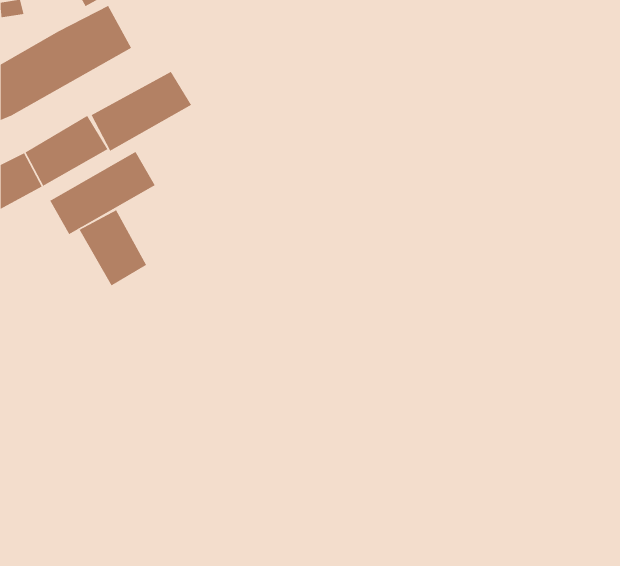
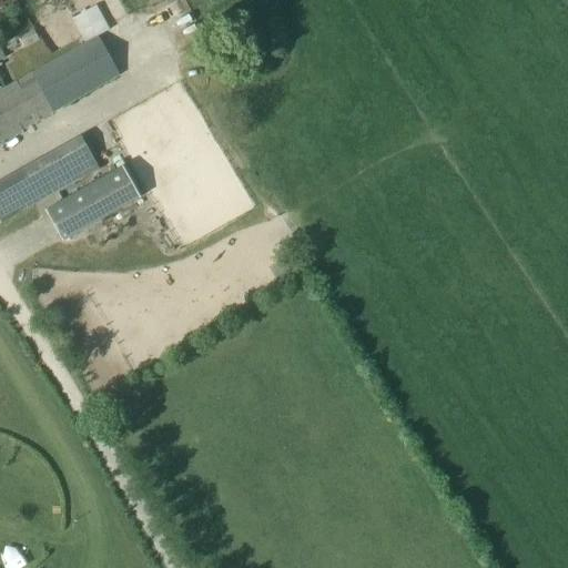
building: [91,71,192,152] -> none
building: [78,209,147,287] -> none

